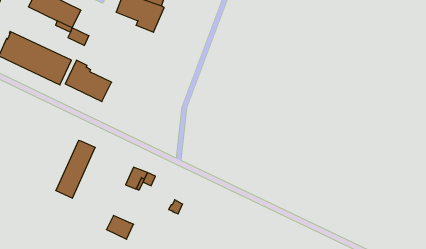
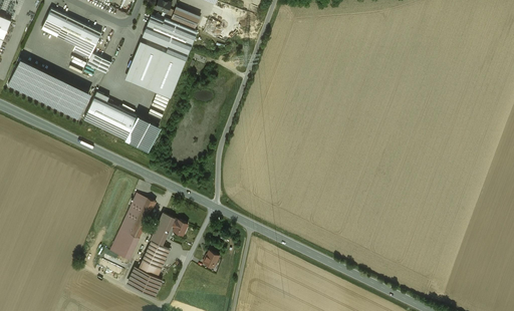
building: none -> [124,42,185,98]
building: none -> [123,116,161,154]
building: [56,140,95,198] -> [109,194,155,260]
building: none -> [139,241,165,275]

